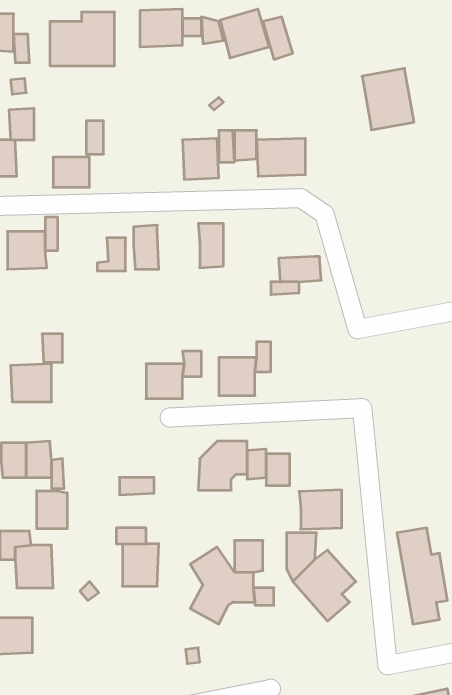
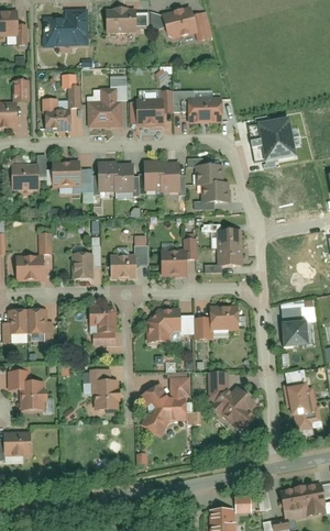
building: [362,68,414,130] -> [260,118,296,161]
building: none -> [86,88,122,128]
building: none -> [56,157,84,185]
building: none -> [164,159,182,190]
building: none -> [118,162,136,192]
building: none -> [197,164,228,181]
building: none -> [218,231,242,267]
building: none -> [70,254,92,279]
building: none -> [89,311,116,334]
building: none -> [282,316,308,344]
building: [299,490,342,529] -> [209,305,239,332]
building: [37,491,67,529] -> none

